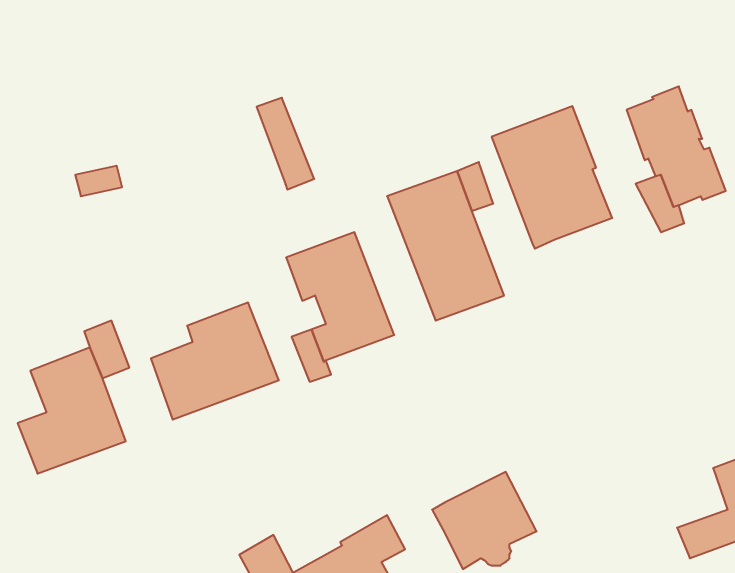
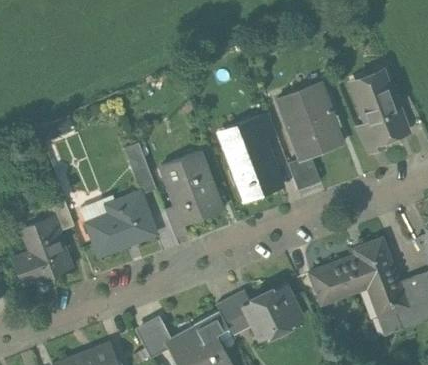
building: [257,98,314,190] -> [124,143,156,194]
building: none -> [287,156,320,191]
building: none -> [308,238,406,316]
building: none -> [215,291,249,328]

